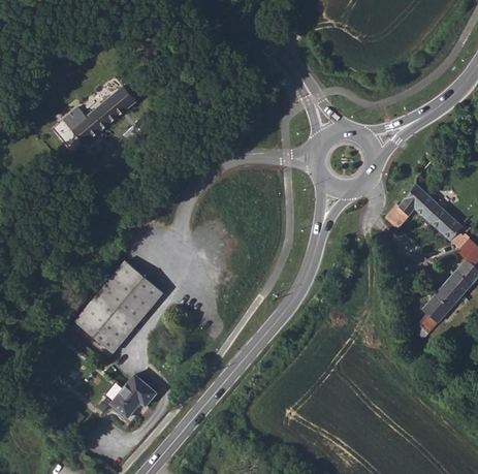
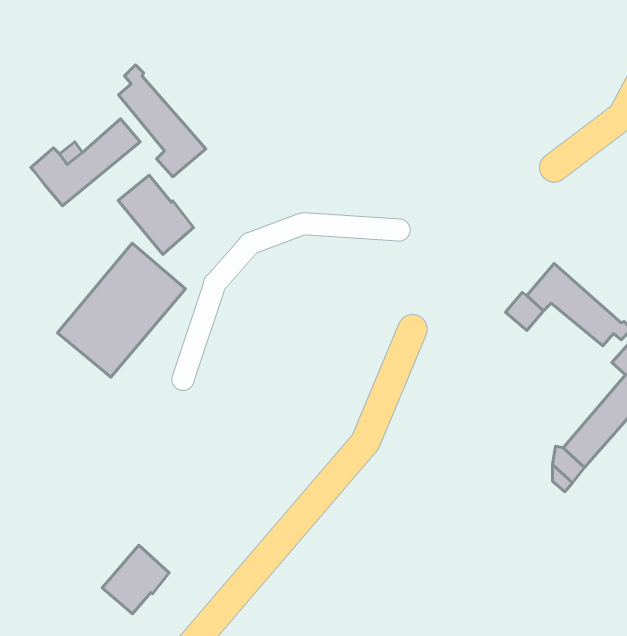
building: none -> [118,65,206,177]
building: none -> [118,175,193,255]
building: [74,261,161,352] -> [58,243,185,377]

